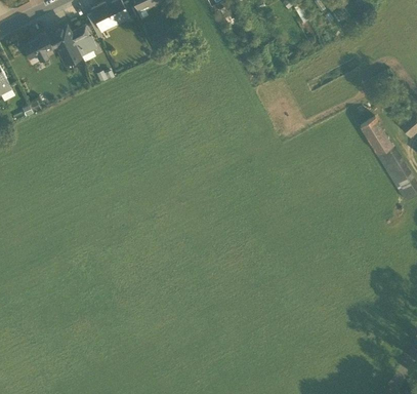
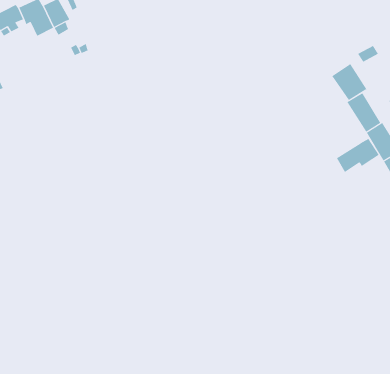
building: none -> [332,64,367,101]
building: none -> [336,138,379,173]

